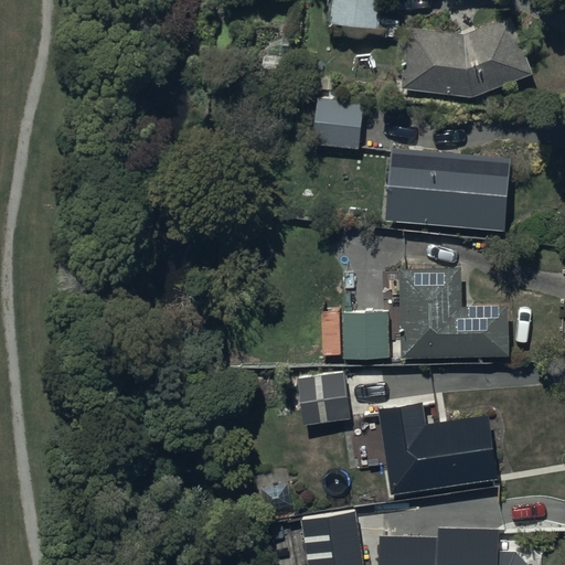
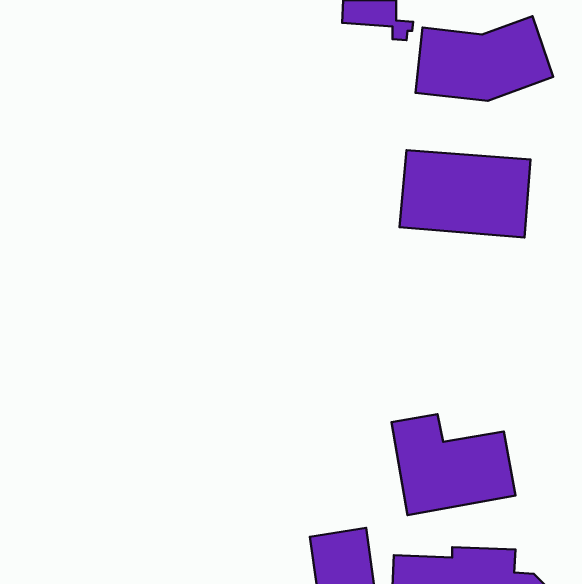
building: [311,98,363,149] -> none
building: [398,268,507,356] -> none
building: [339,308,387,358] -> none
building: [274,375,350,426] -> none

